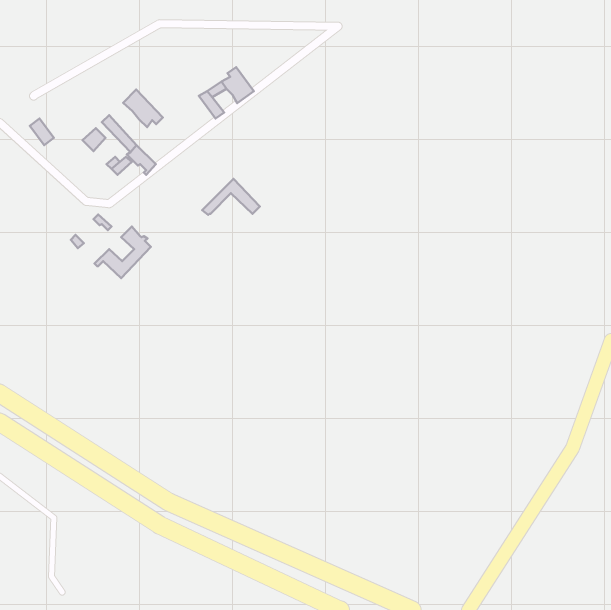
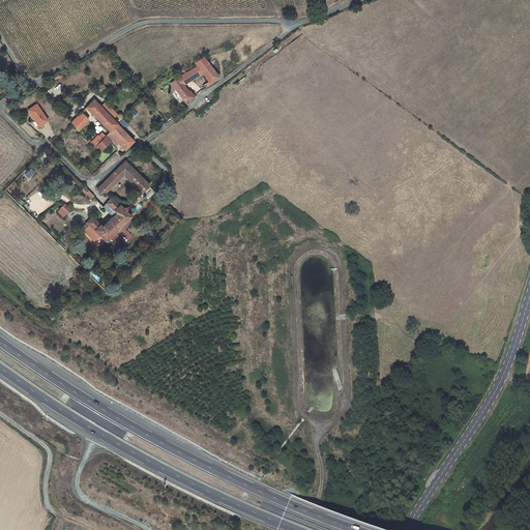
building: [123,90,163,127] -> none
building: [202,179,260,215] -> [99,161,149,193]

